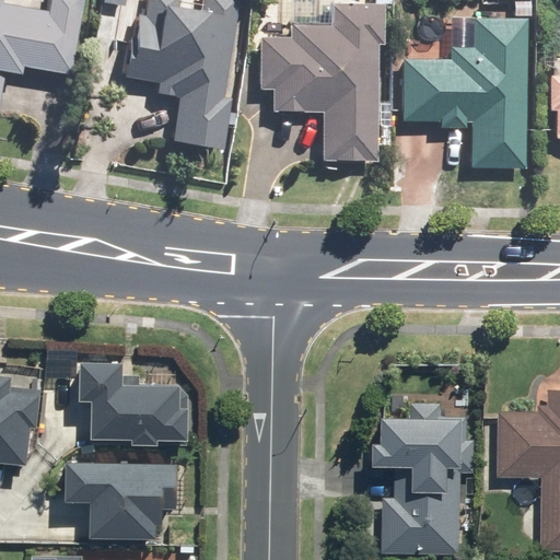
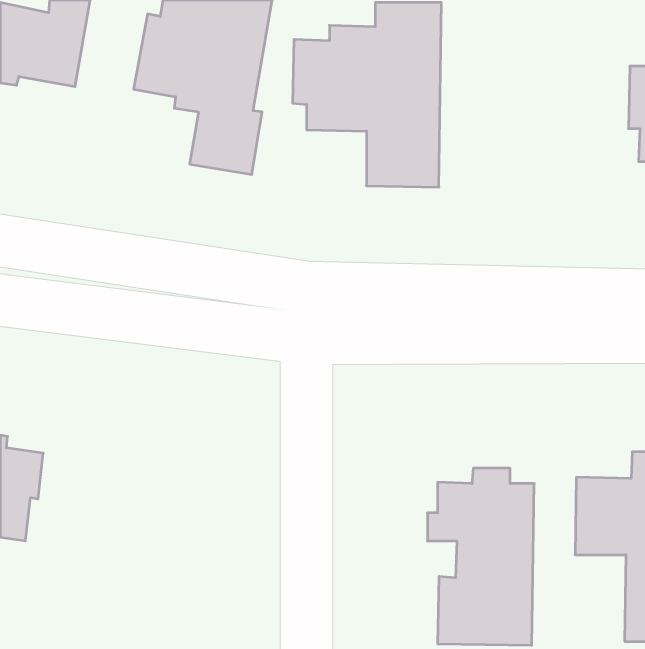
building: [398,16,527,170] -> none
building: [79,361,190,445] -> none
building: [63,459,176,539] -> none

